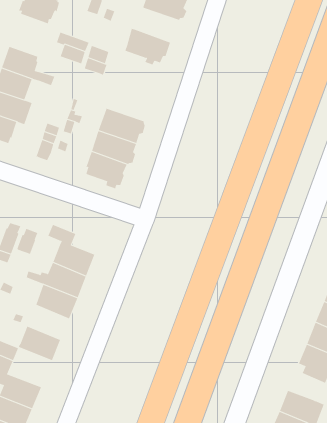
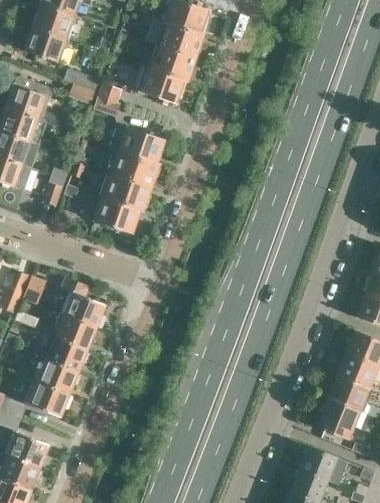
building: none -> [147,43,196,81]
building: none -> [106,124,162,162]
building: none -> [33,357,78,394]

